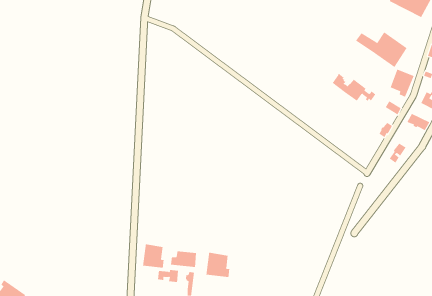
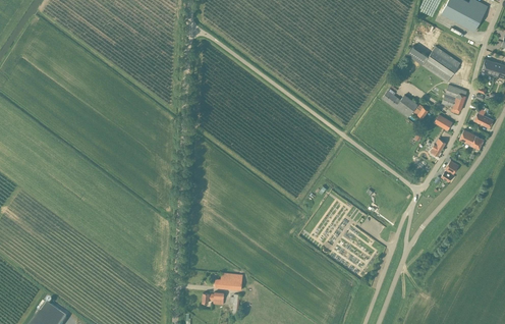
building: [143,244,164,268] -> none
building: [206,252,230,278] -> none

